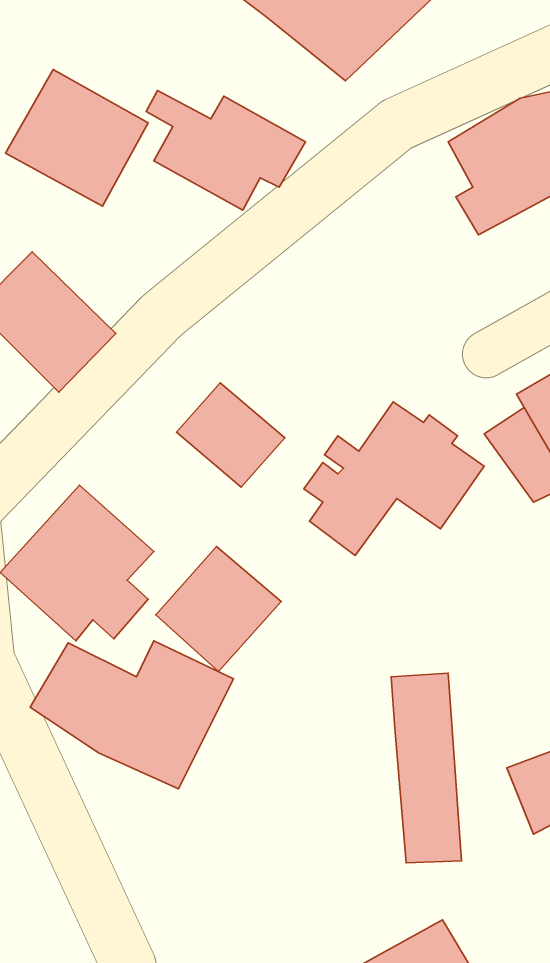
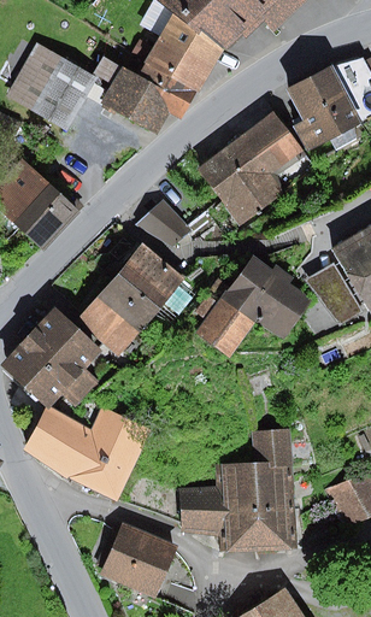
building: none -> [146,11,224,90]
building: none -> [198,111,305,224]
building: none -> [137,199,190,246]
building: [156,546,281,672] -> [77,275,157,354]
building: none -> [179,463,261,551]
building: none -> [96,522,177,597]

